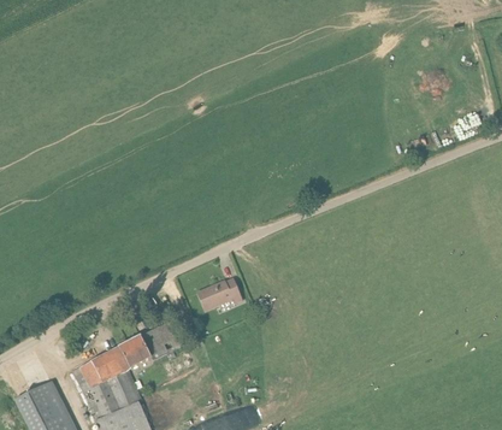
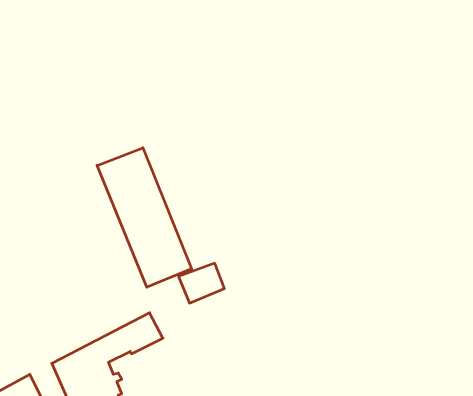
building: none -> [97,148,192,287]

